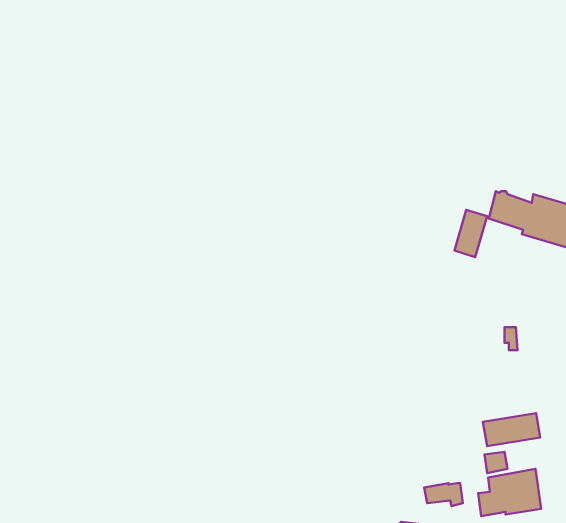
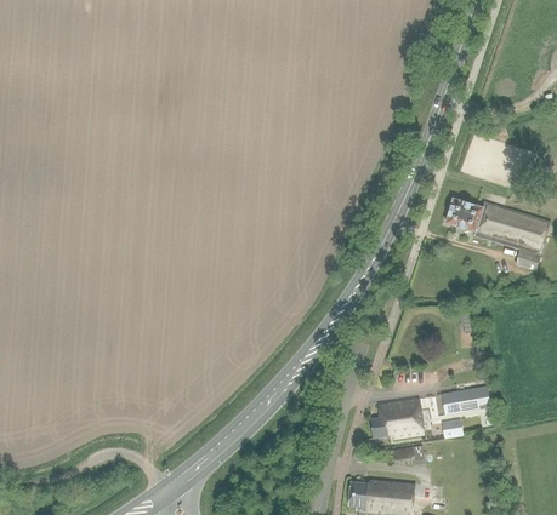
building: [454,210,487,257] -> none
building: [478,469,541,516] -> [369,399,422,439]

